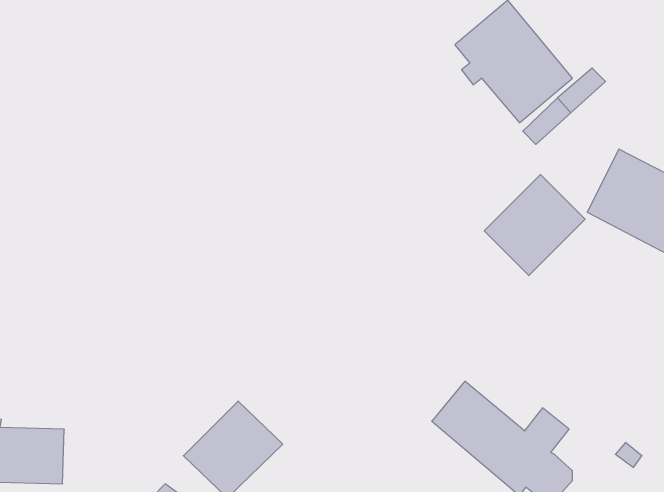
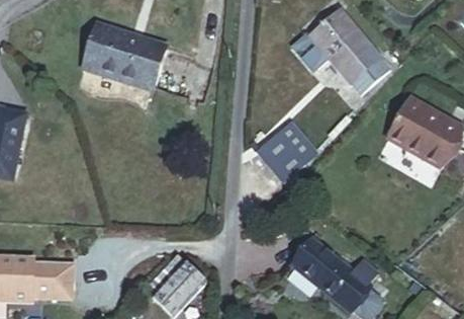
building: none -> [81,21,165,85]
building: [484,175,585,276] -> [255,121,316,182]

